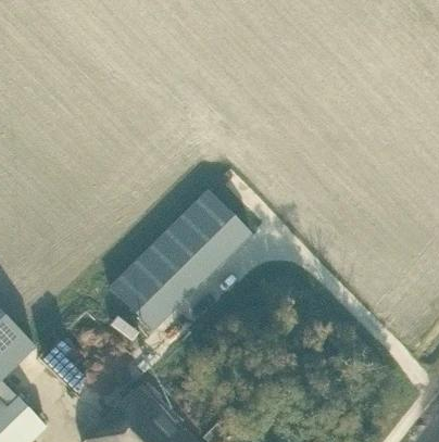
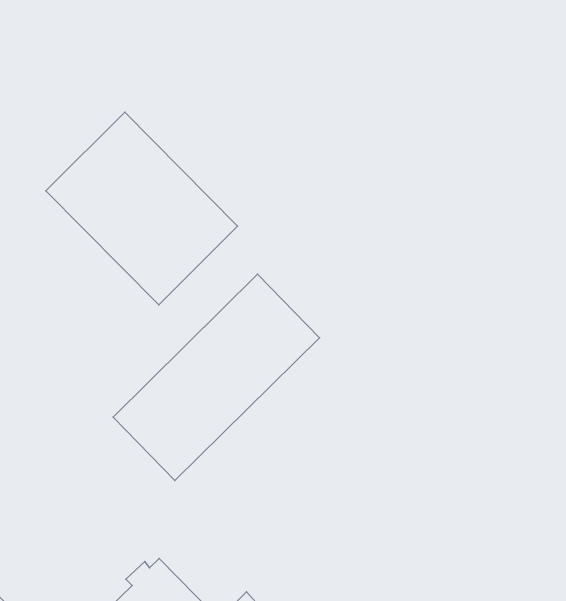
building: none -> [46,112,238,305]

